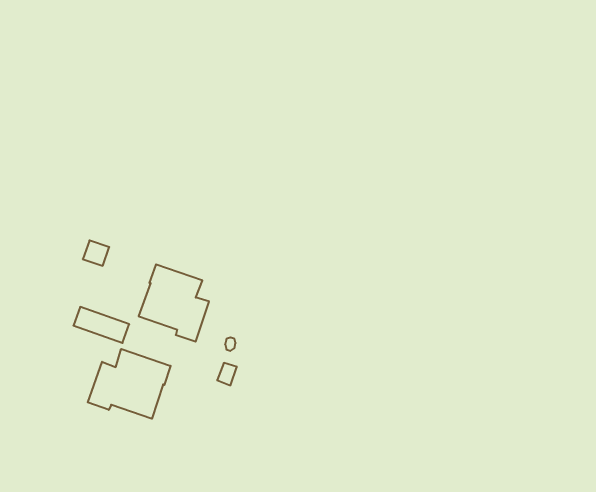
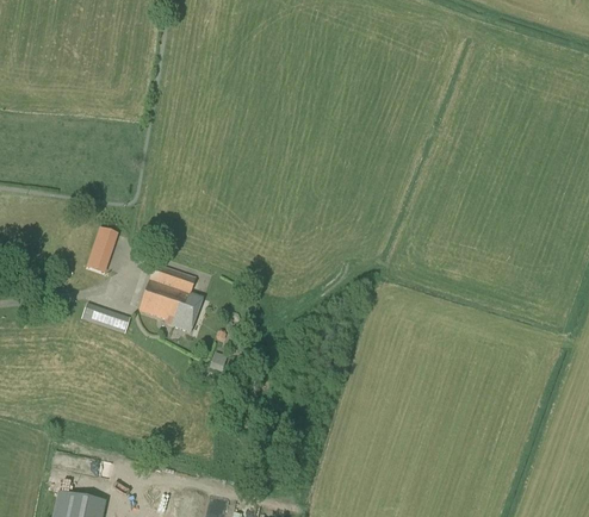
building: [88,349,171,419] -> none

